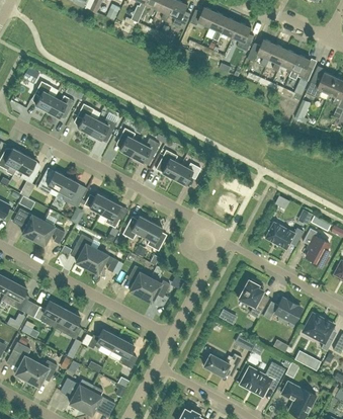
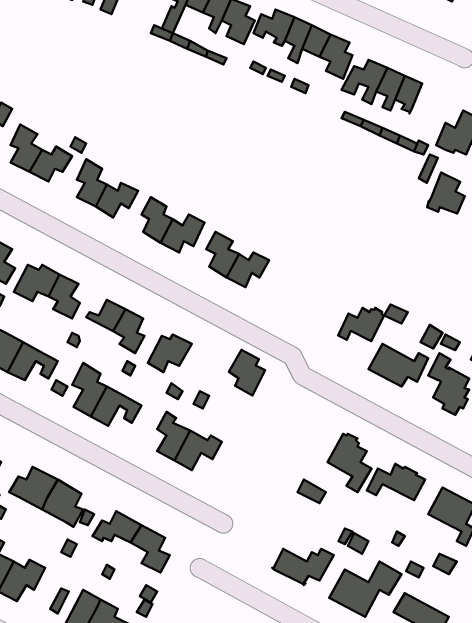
building: [289,55,314,81] -> [427,173,465,214]
building: none -> [338,308,384,341]
building: [143,222,166,251] -> [229,350,265,395]

